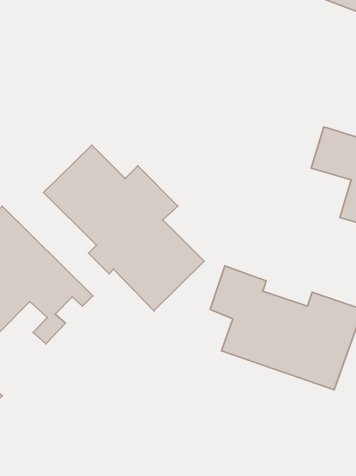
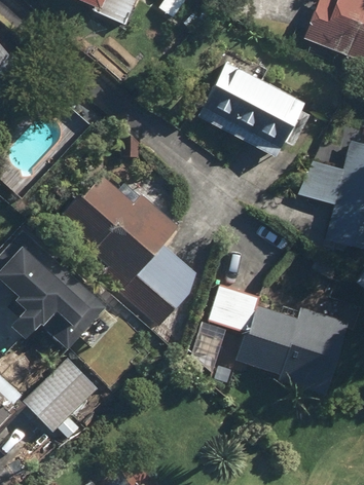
building: none -> [192,52,307,160]
building: none -> [27,357,98,438]

